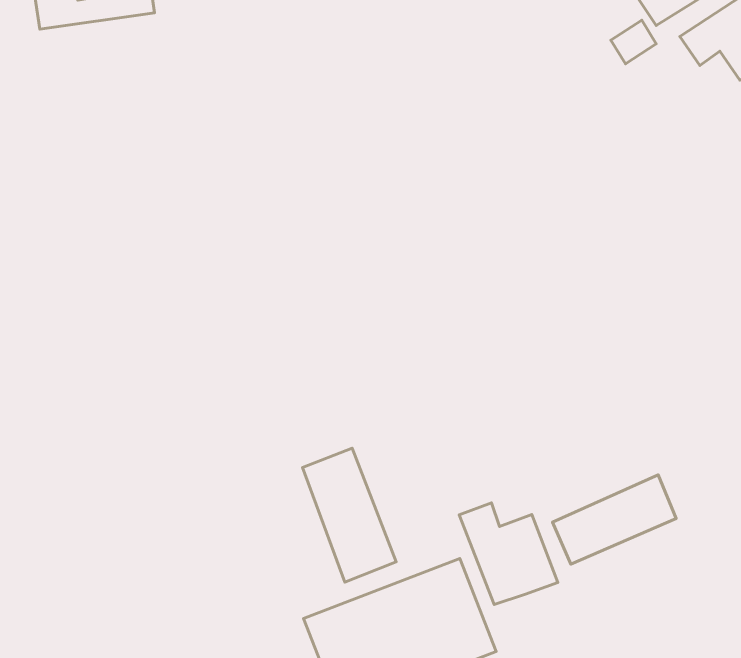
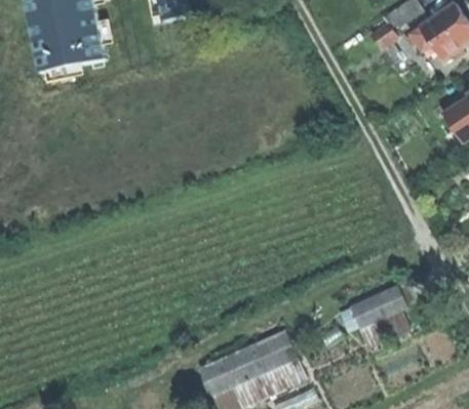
building: [303,448,396,582] -> none
building: [459,503,558,605] -> none

